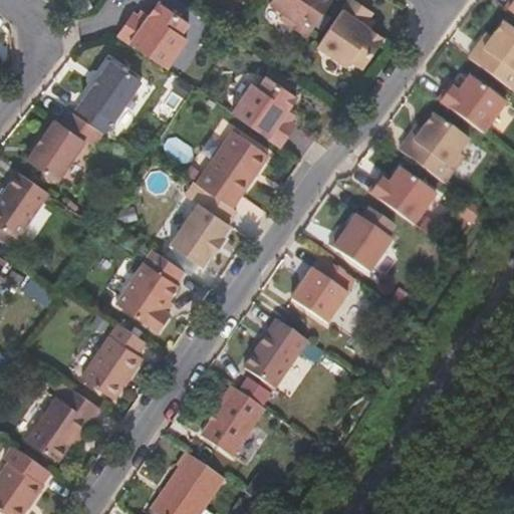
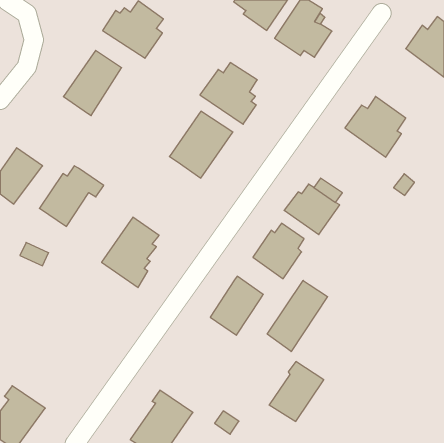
building: [438,74,507,133] -> none
building: [28,109,102,180] -> [39,166,104,226]
building: [367,168,437,226] -> none
building: [171,188,238,265] -> none
building: [82,323,147,400] -> none
building: none -> [267,280,328,352]
building: [200,386,263,455] -> [269,362,324,421]
building: [27,388,101,461] -> none

